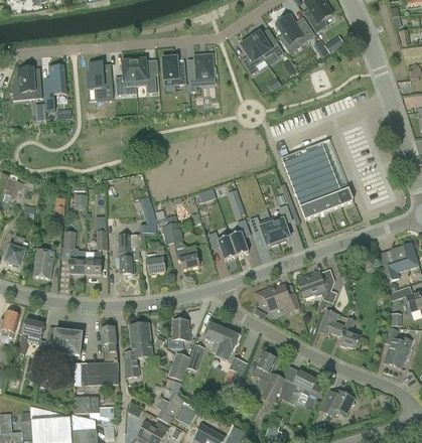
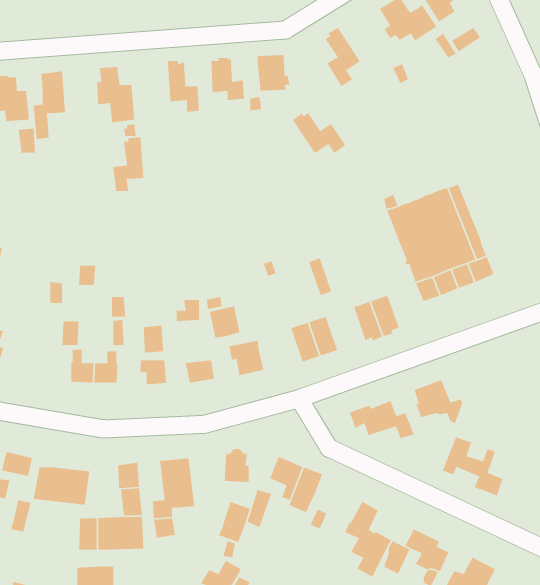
building: [249,29,285,57] -> [292,112,346,154]
building: [115,56,136,94] -> [113,136,144,192]
building: [33,249,54,277] -> none

